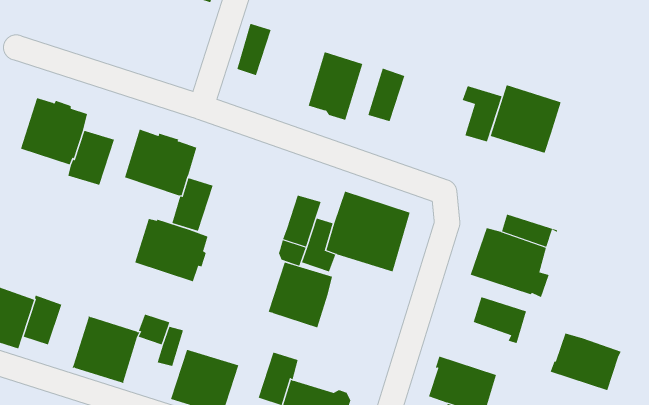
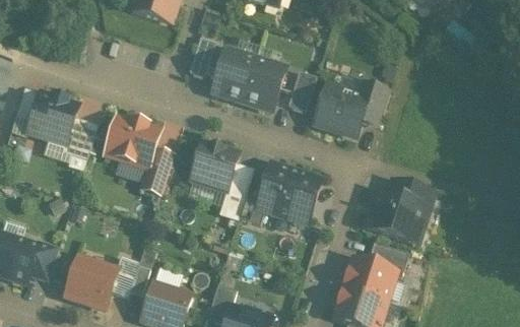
building: none -> [212,51,255,101]
building: [490,85,561,154] -> [314,86,368,138]
building: [134,218,208,282] -> none
building: [268,262,333,328] -> [189,143,238,193]
building: [550,333,621,391] -> [341,259,395,303]

